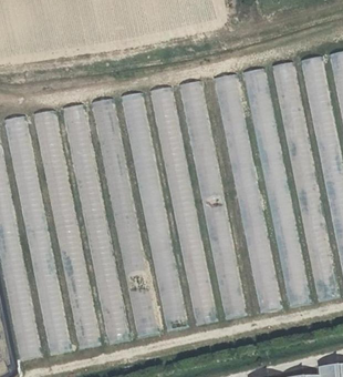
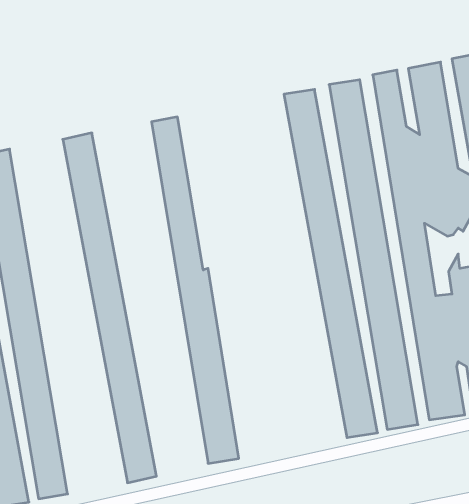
building: [180,81,241,320] -> none
building: [150,88,211,326] -> none
building: [93,99,154,338] -> none
building: [34,109,94,350] -> none

